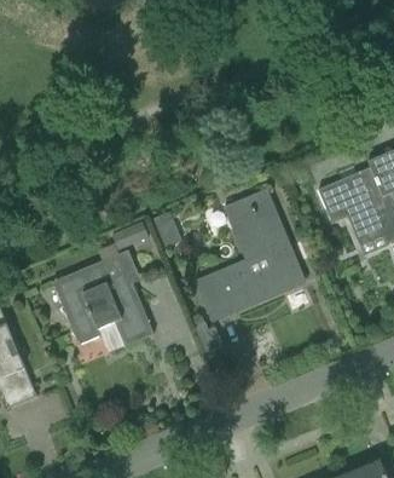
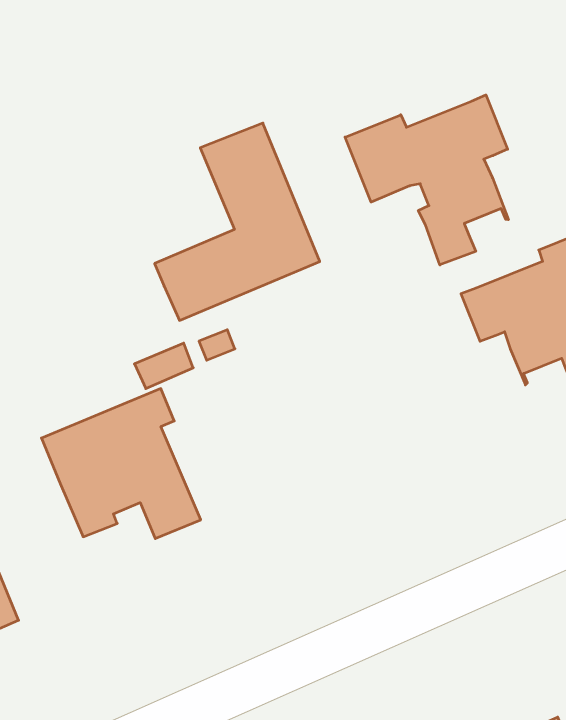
building: none -> [345,95,508,265]
building: [197,192,302,318] -> [155,123,320,320]

